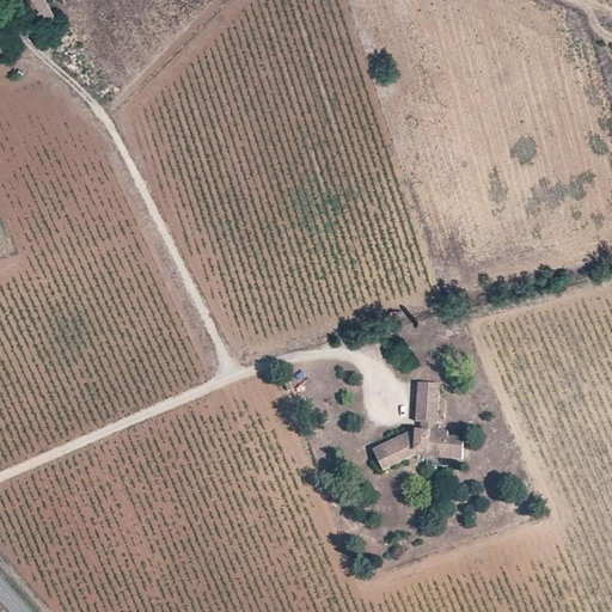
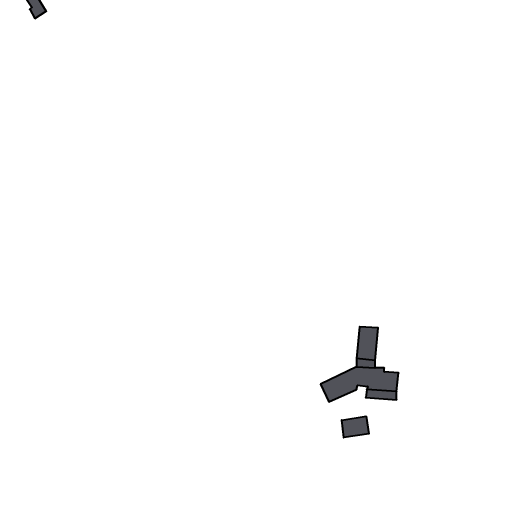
building: none -> [342,416,369,438]

